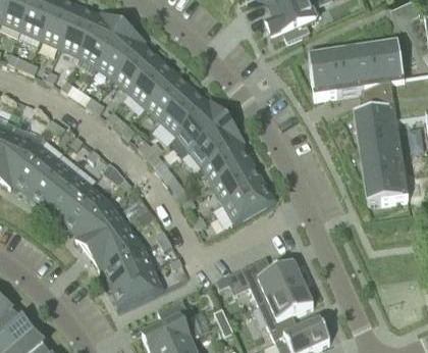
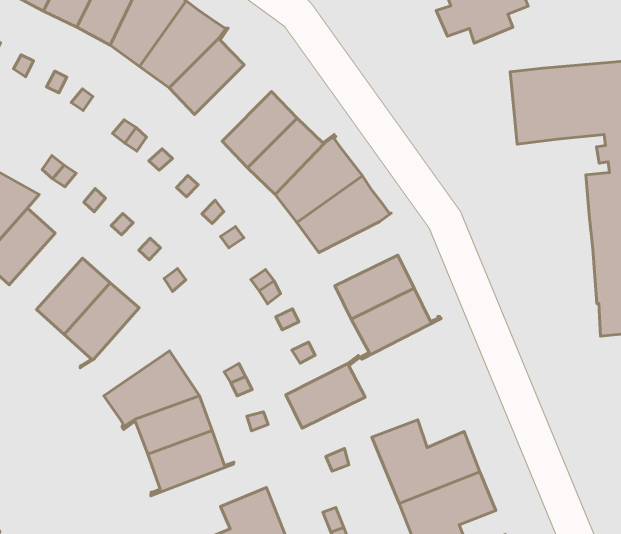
building: [132,65,175,109] -> none
building: [207,145,252,188] -> [286,356,365,428]
building: [33,166,73,210] -> none
building: [75,206,125,257] -> none

